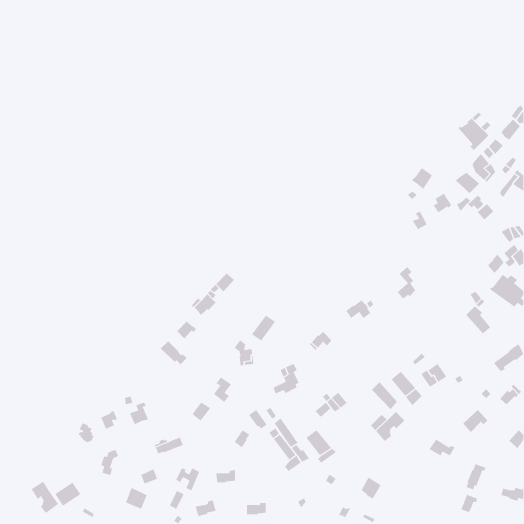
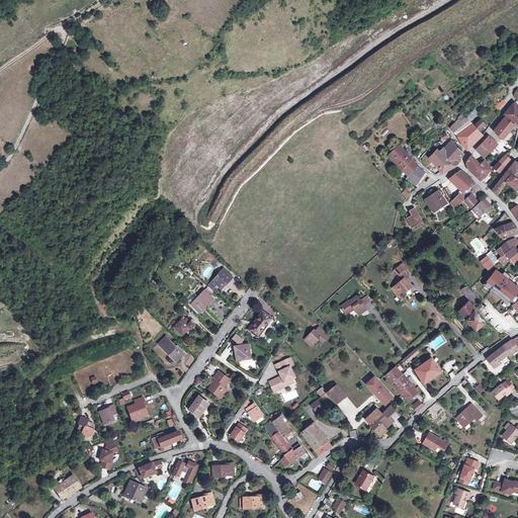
building: none -> [429,140,464,173]
building: none -> [388,145,417,175]
building: [31,481,59,514] -> none

